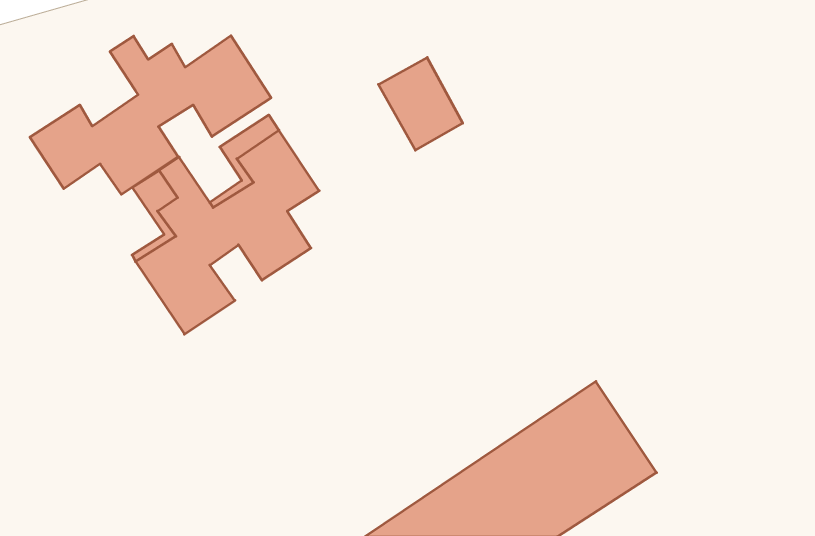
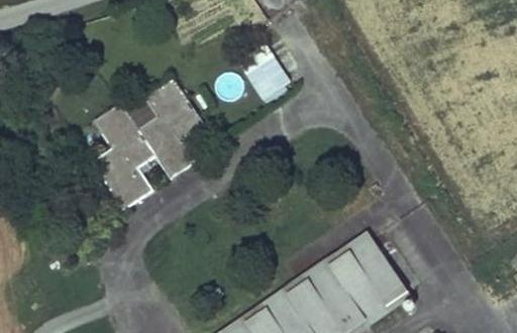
building: [30,36,271,194] -> none

